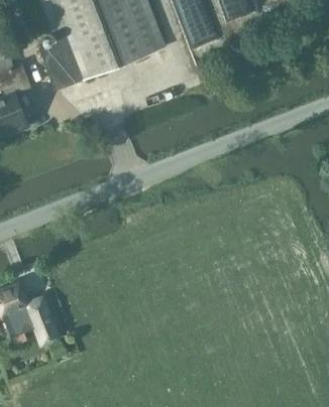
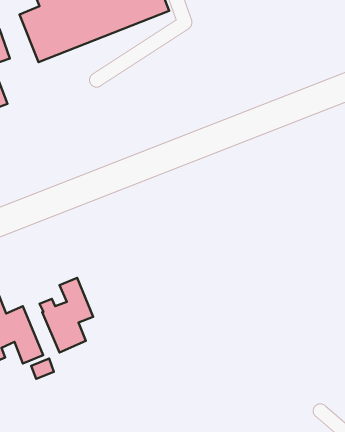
building: none -> [39,278,93,352]

